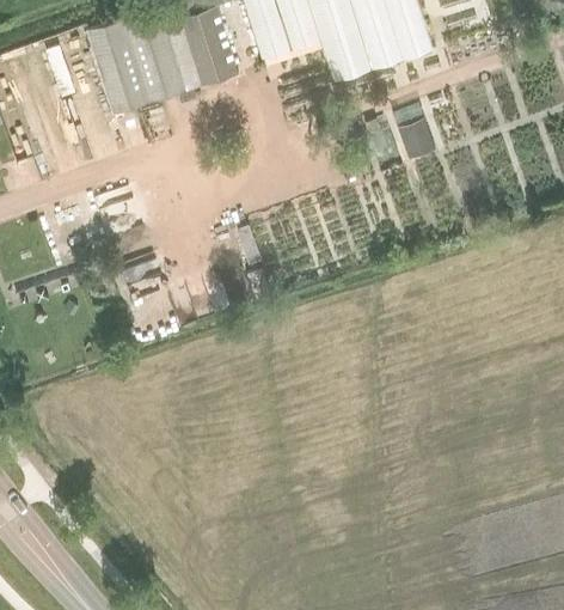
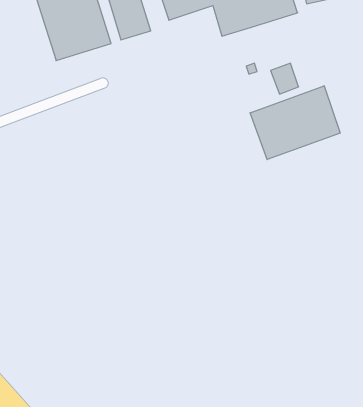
building: none -> [250,86,340,160]

